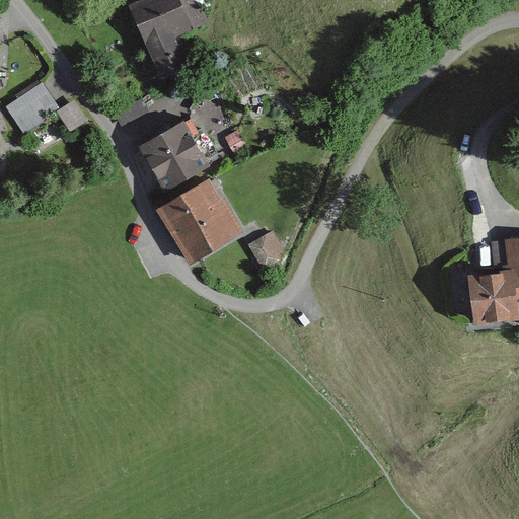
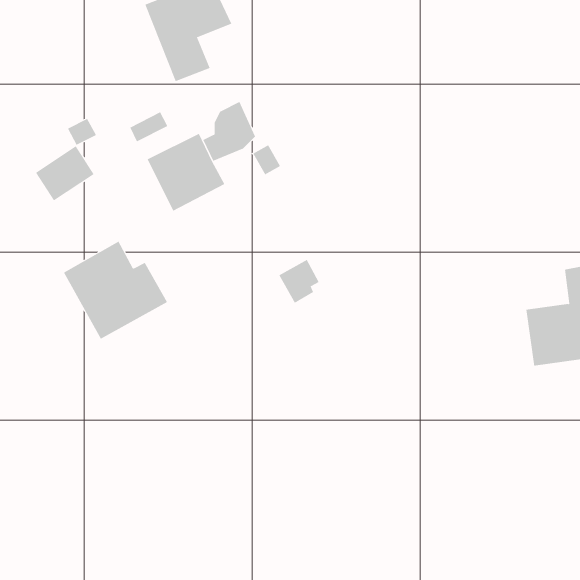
building: [9,84,62,134] -> [35,146,94,201]
building: [150,177,243,266] -> [63,241,168,340]

